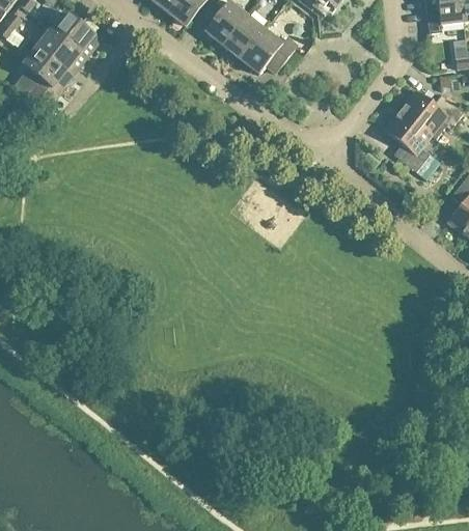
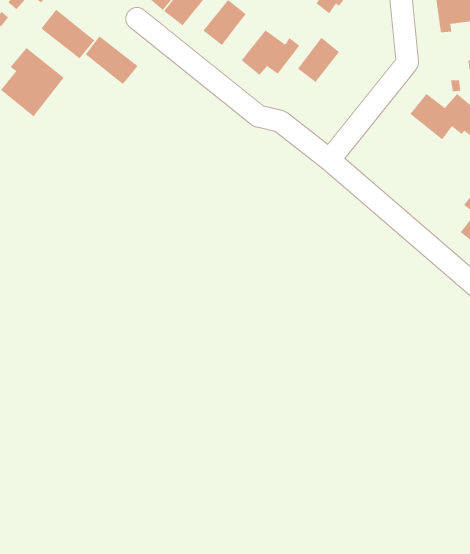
building: [223,13,264,57] -> [297,37,340,83]
building: [37,27,88,74] -> [85,35,139,85]
building: [385,108,441,178] -> none

